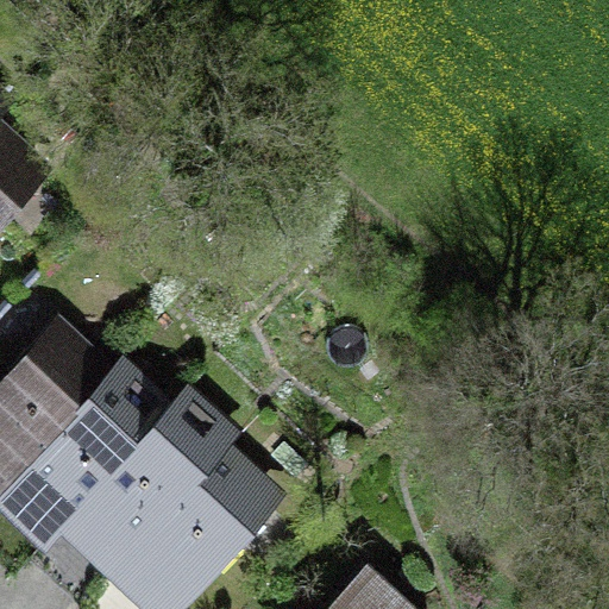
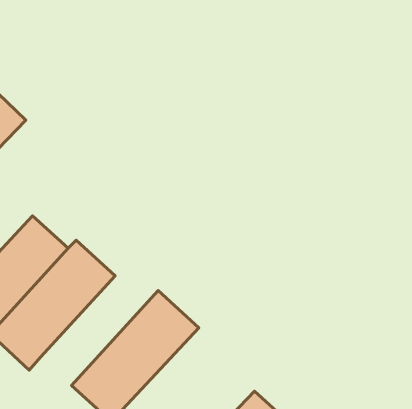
building: [59,394,232,573] -> none

